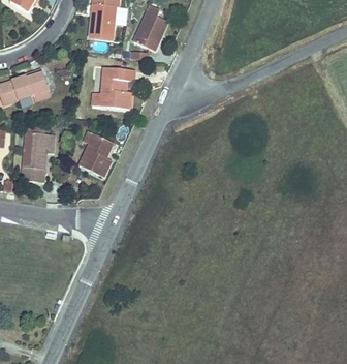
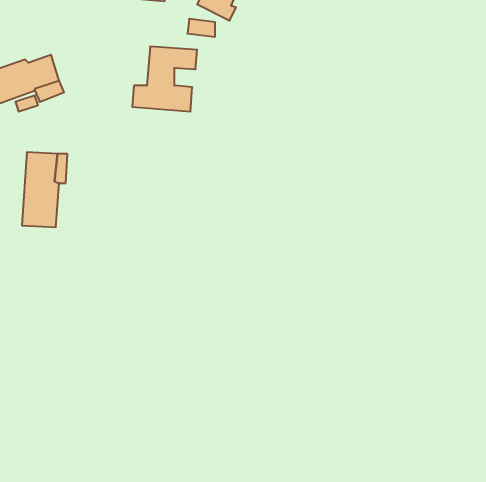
building: [80,134,109,175] -> none

